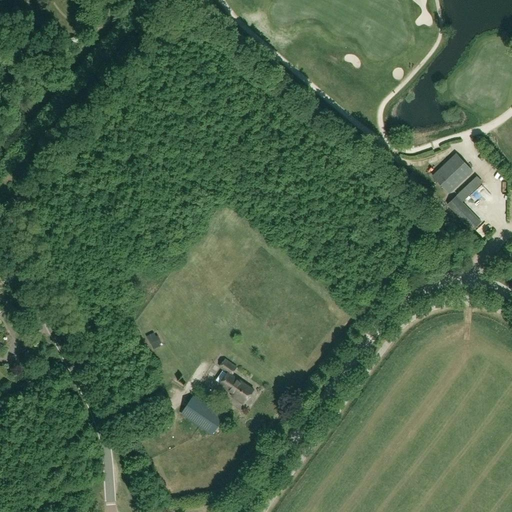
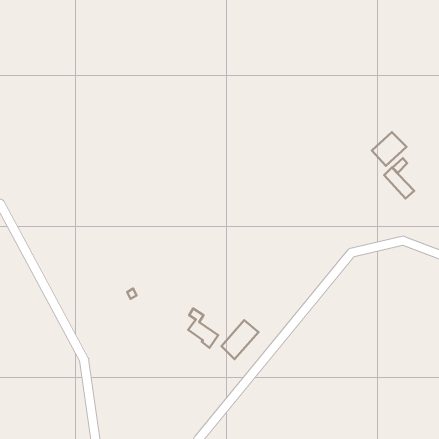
building: none -> [221,320,258,359]
building: [181,392,224,434] -> none

